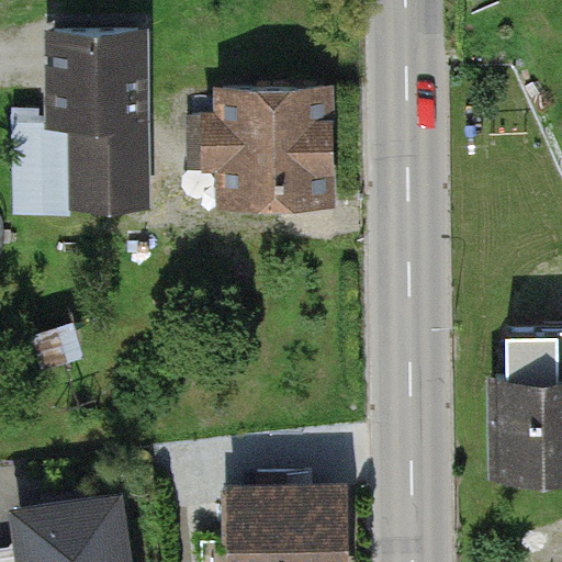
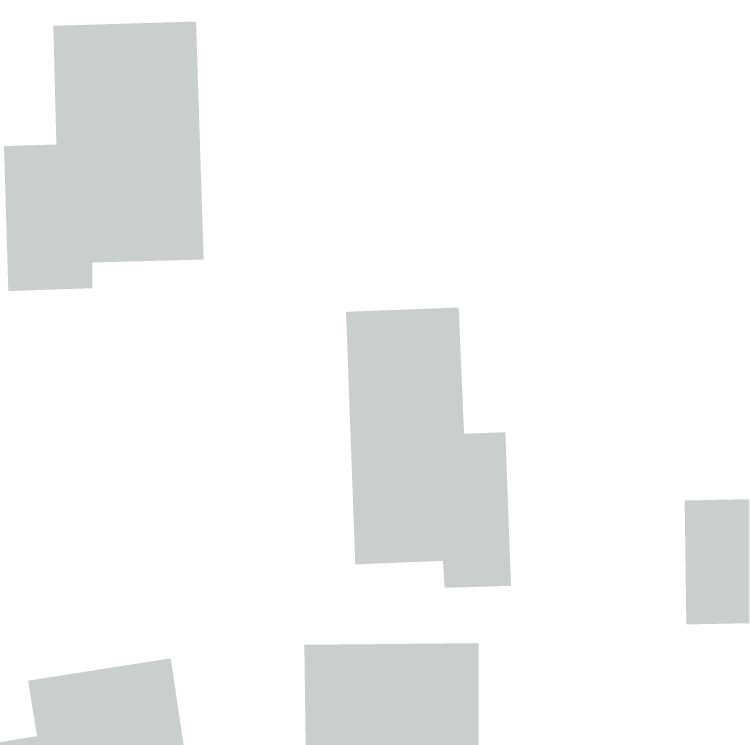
building: [214,85,337,203] -> none
building: none -> [345,307,512,589]

